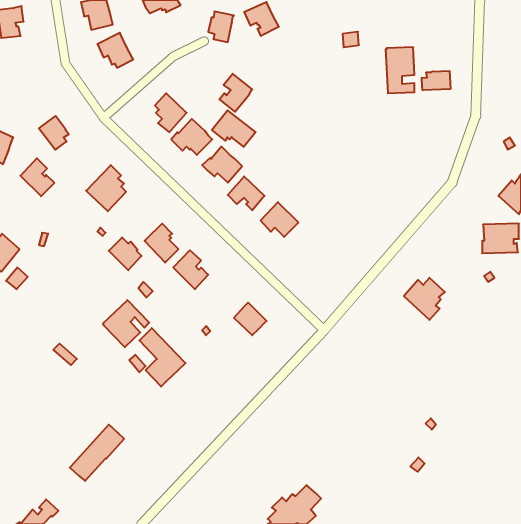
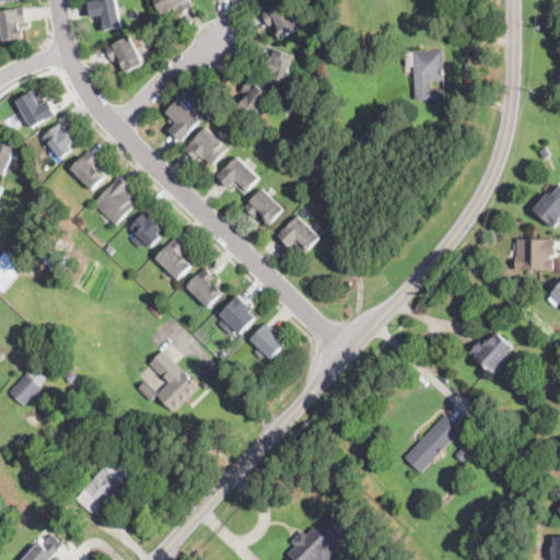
building: [208,11,234,42] -> [265,49,292,82]
building: [422,71,450,90] -> none
building: none -> [14,89,55,128]
building: [212,110,256,147] -> none
building: [20,158,54,196] -> [70,150,106,190]
building: [109,237,142,270] -> [129,212,164,247]
building: none -> [219,295,254,334]
building: [404,278,445,320] -> [469,332,513,377]
building: [103,300,149,347] -> none
building: none -> [7,373,39,406]
building: none -> [404,415,459,472]

